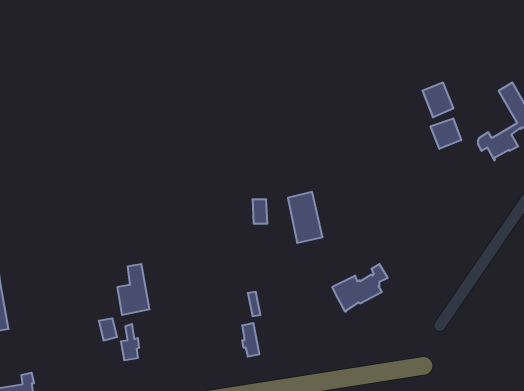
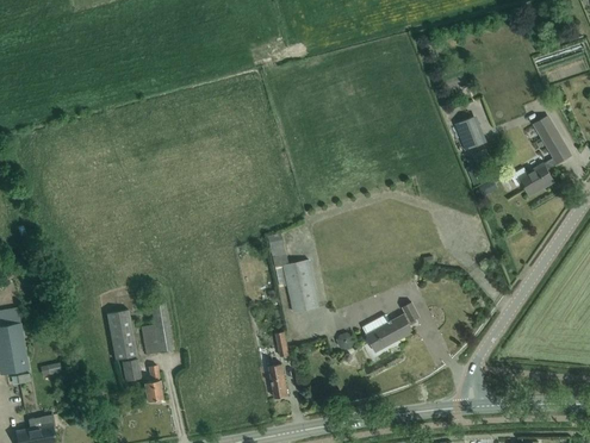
building: [431,118,461,149] -> none
building: [288,192,323,243] -> [284,260,319,312]
building: none -> [106,310,137,360]

